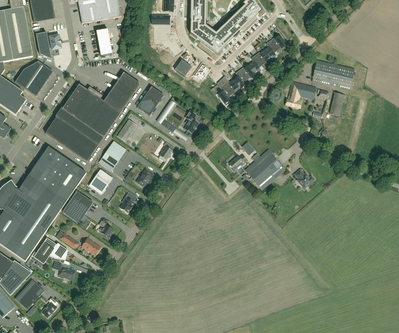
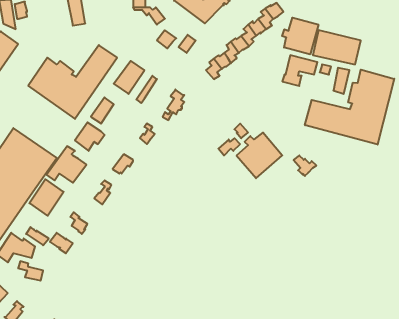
building: none -> [282,18,318,54]
building: none -> [305,70,394,145]
building: [46,108,103,161] -> none

